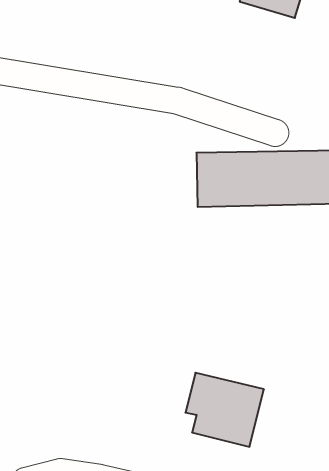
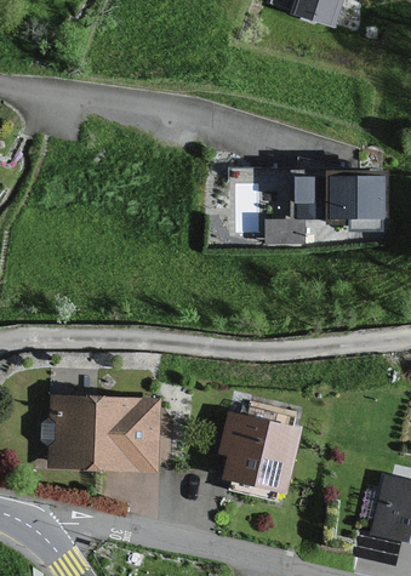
building: none -> [44,394,162,473]

